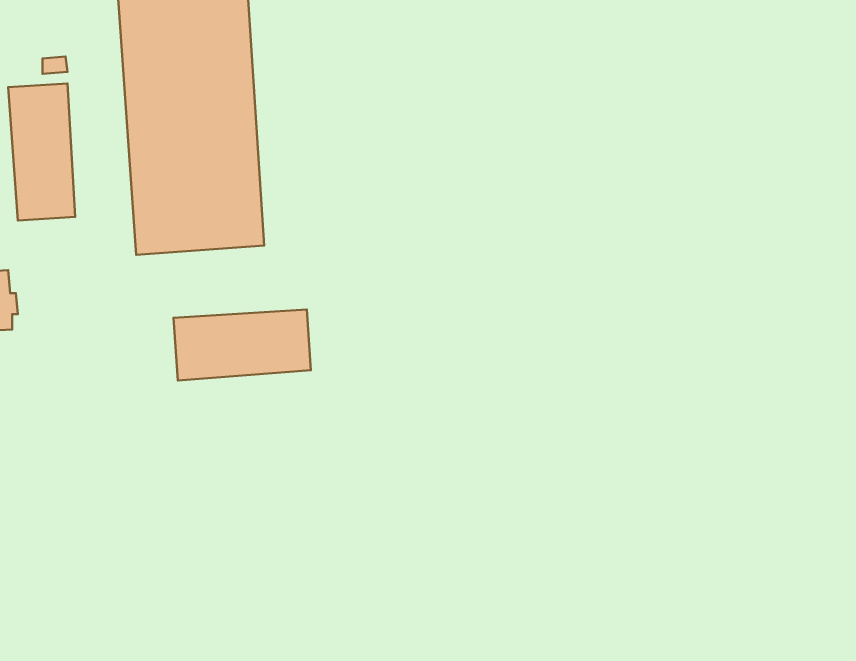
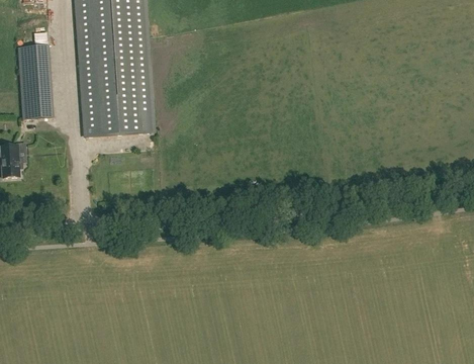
building: [174,309,311,381] -> none

